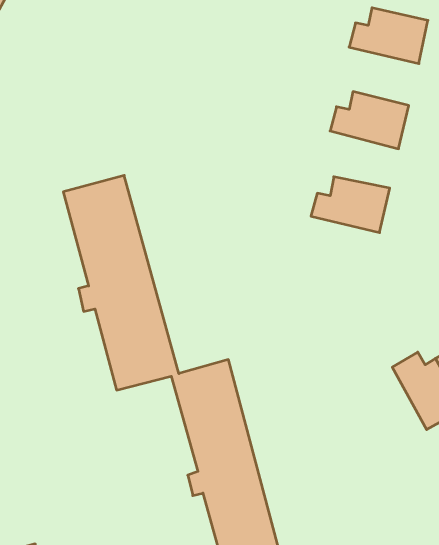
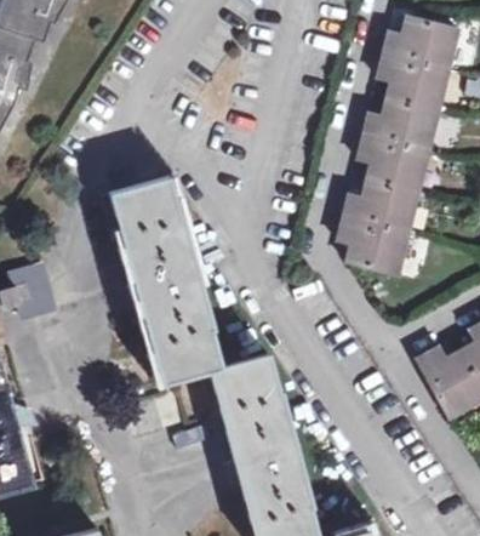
building: none -> [377,56,450,112]
building: none -> [360,136,430,190]
building: none -> [342,217,412,275]

